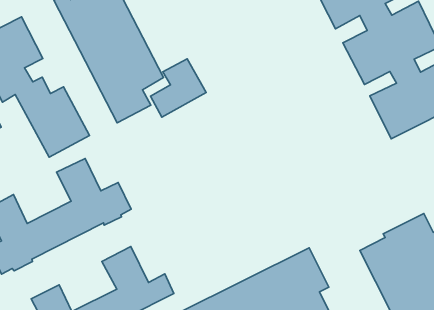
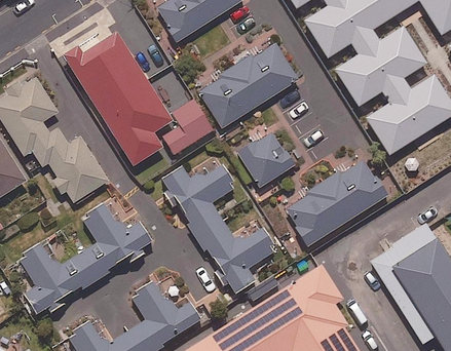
building: none -> [197,40,298,126]
building: none -> [236,128,293,186]
building: none -> [161,159,276,292]
building: none -> [284,156,386,245]

